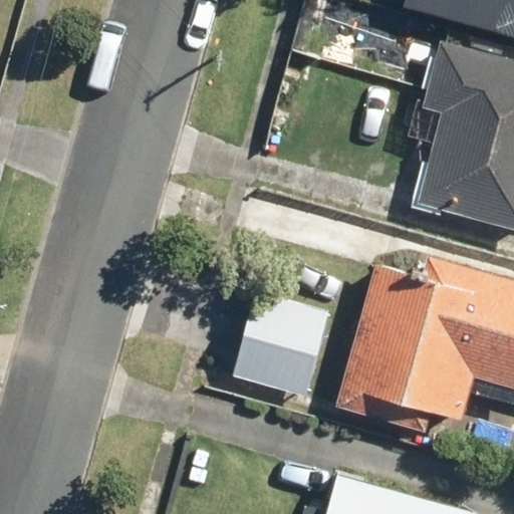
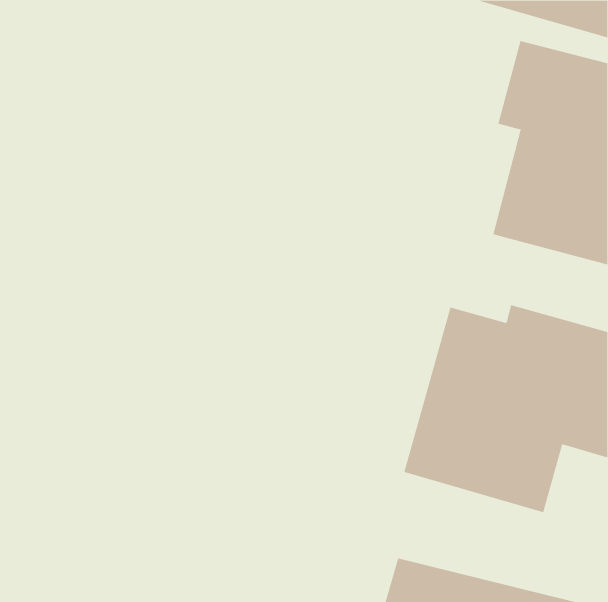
building: [234,296,329,394] -> none

